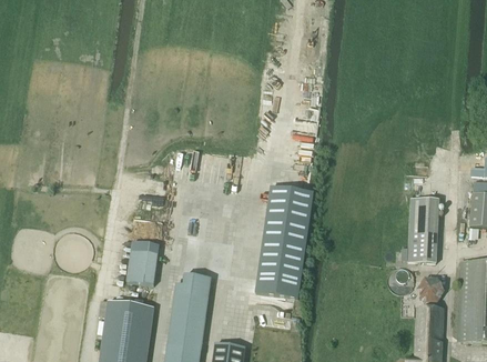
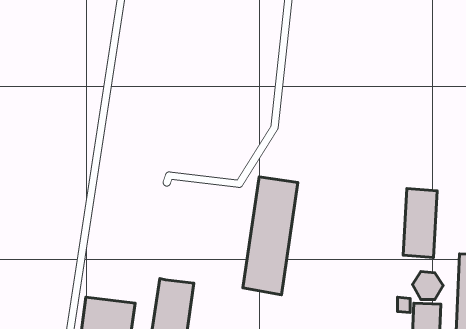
building: [126,240,161,285] -> none

